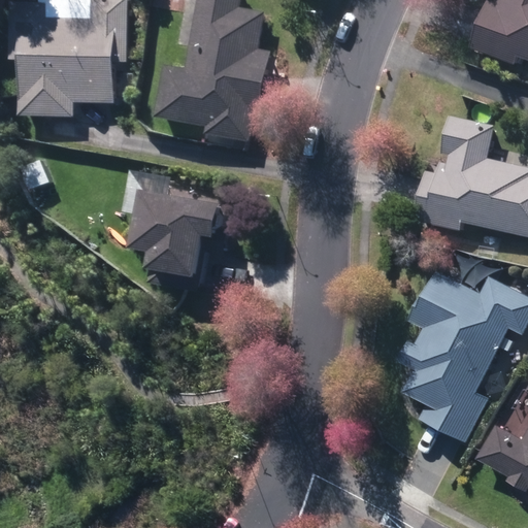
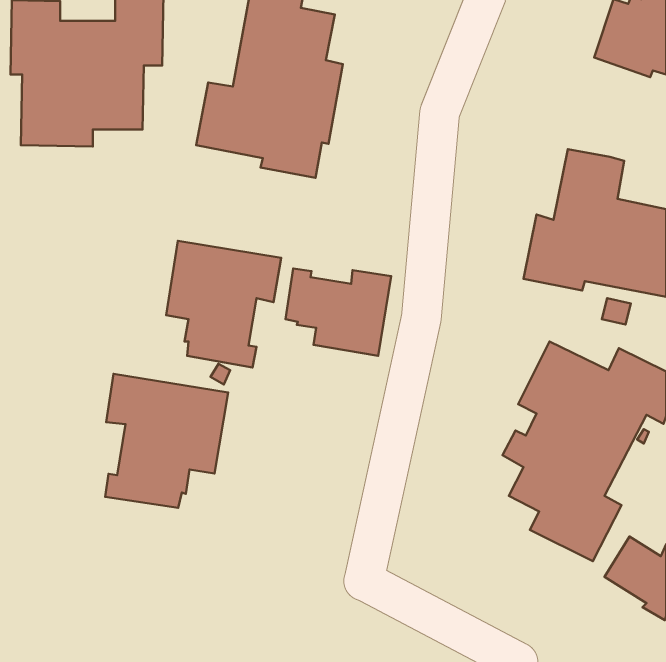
building: none -> [286,268,391,356]
building: none -> [105,374,228,508]

